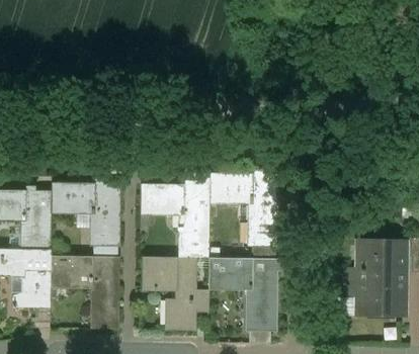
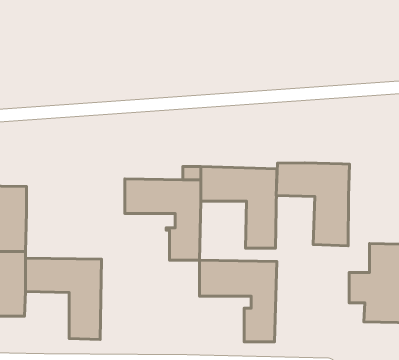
building: none -> [276,163,350,246]
building: [51,182,119,246] -> none
building: [141,256,207,330] -> none

